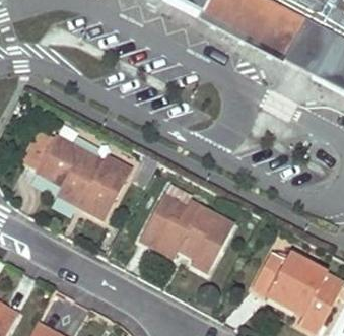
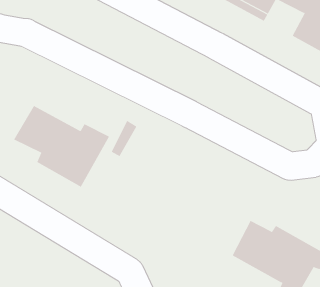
building: [140,184,232,272] -> none

